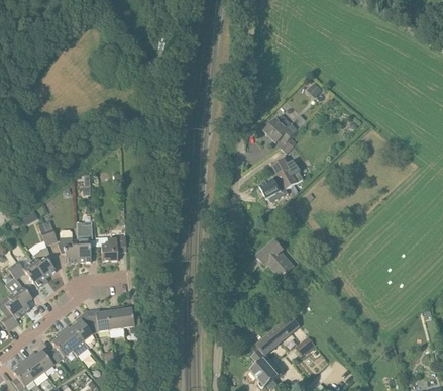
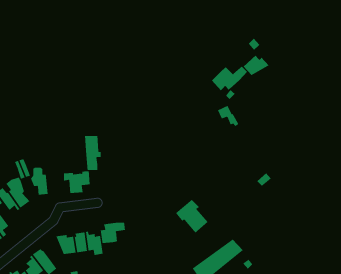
building: none -> [243,55,270,76]
building: [258,174,292,200] -> none
building: [74,222,94,263] -> [84,136,102,171]
building: [255,240,294,280] -> [175,199,208,233]
building: none -> [100,222,125,244]
building: [71,311,94,341] -> none

